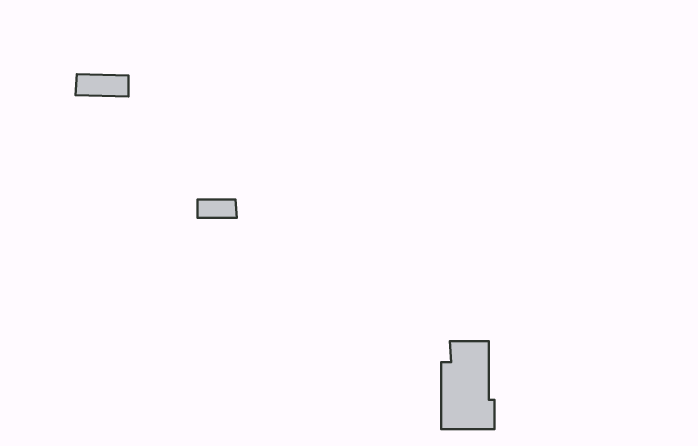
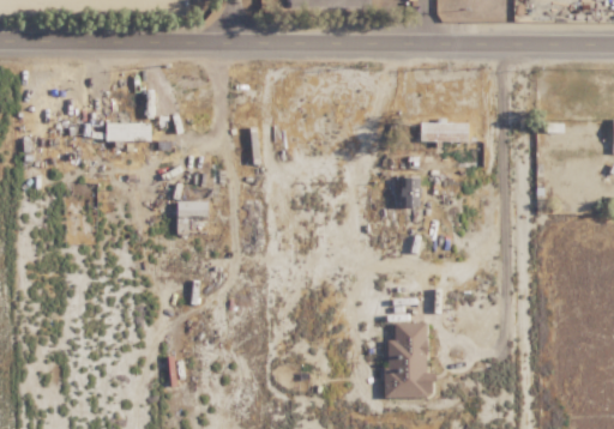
building: [75,74,129,97] -> [107,122,152,141]
building: none -> [421,121,469,141]

